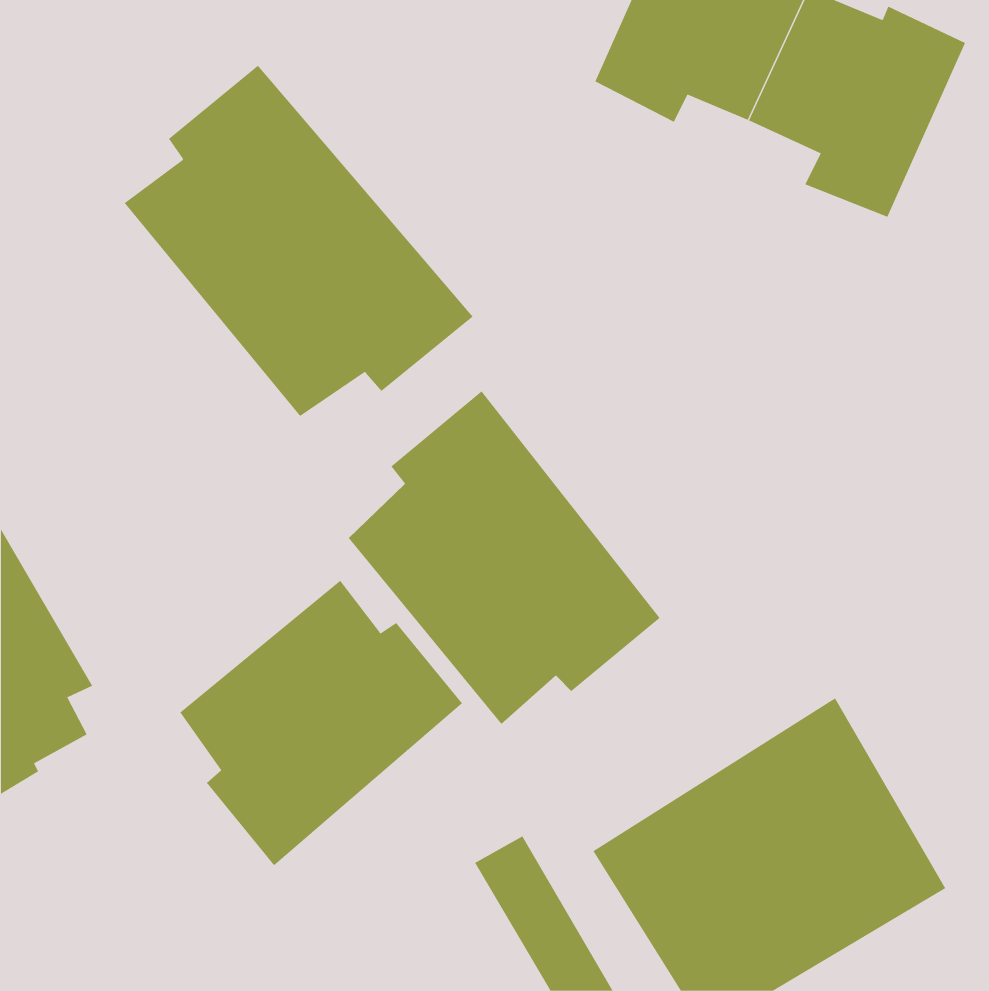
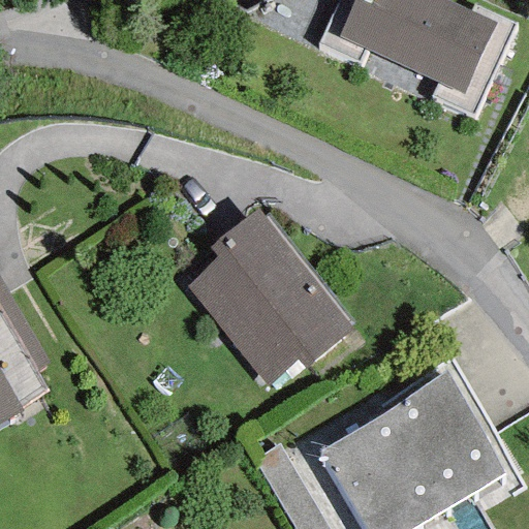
building: [124,65,473,417] -> none
building: [179,580,463,866] -> none

